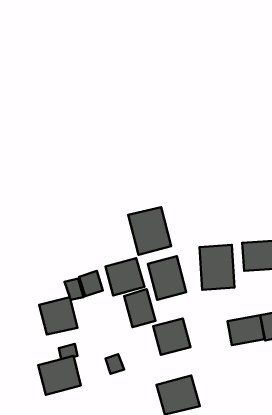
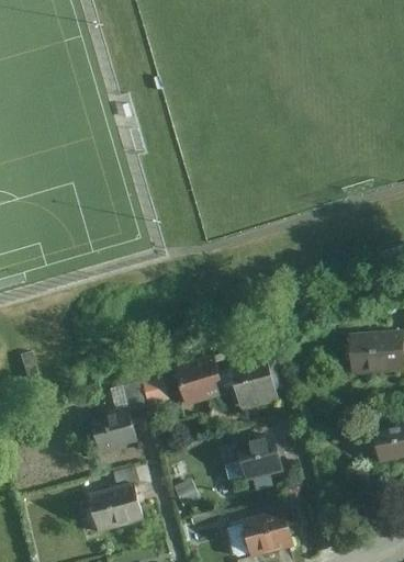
building: [128,207,171,255] -> none
building: [199,245,234,290] -> none
building: [124,289,155,327] -> none
building: [227,315,265,345] -> none

